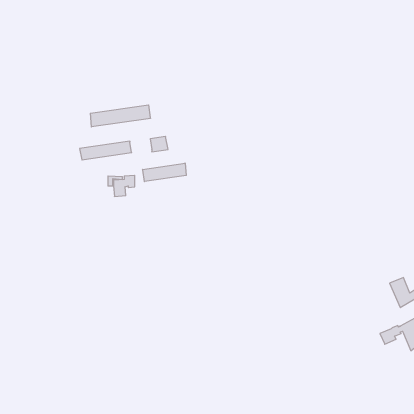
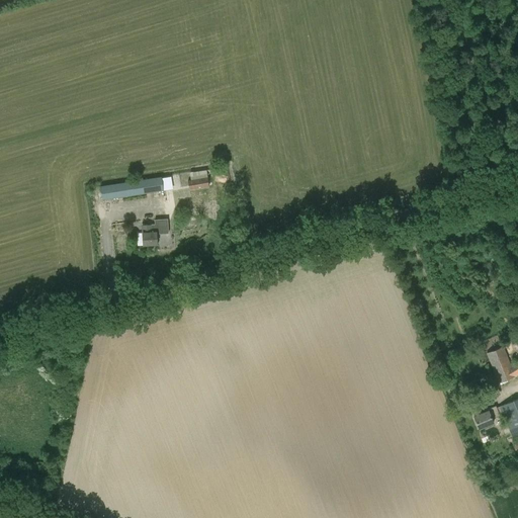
building: [90,105,150,127] -> none
building: [143,163,186,182] -> none

